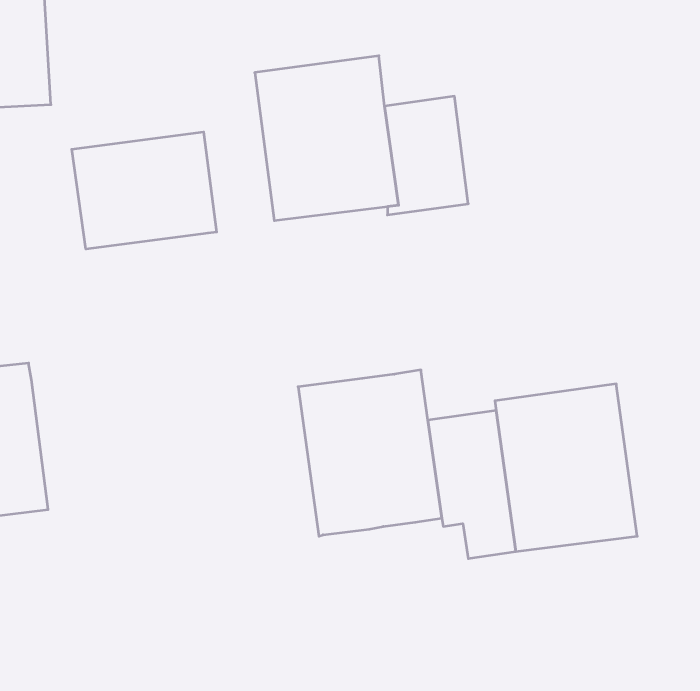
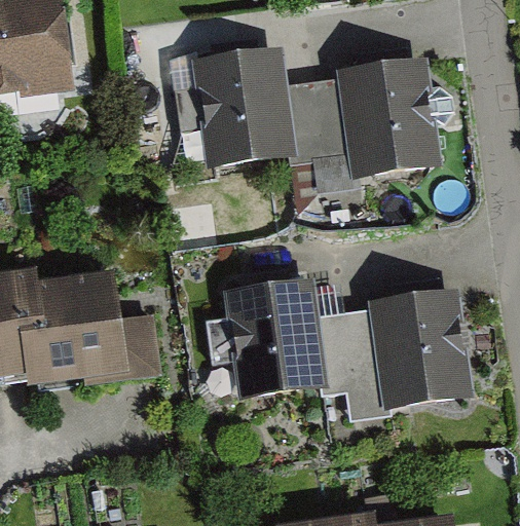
building: none -> [337,57,441,177]
building: [72,132,217,249] -> none
building: none -> [27,272,127,389]

